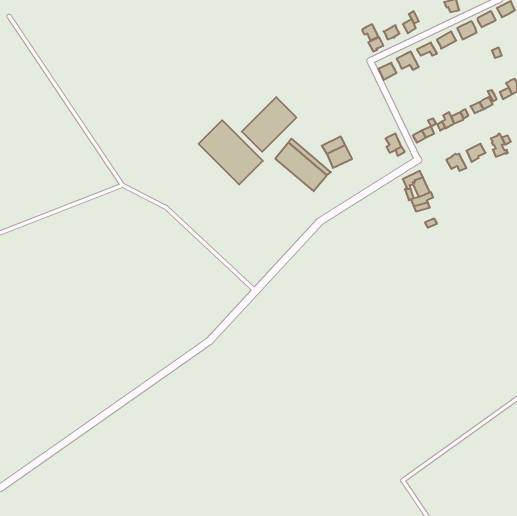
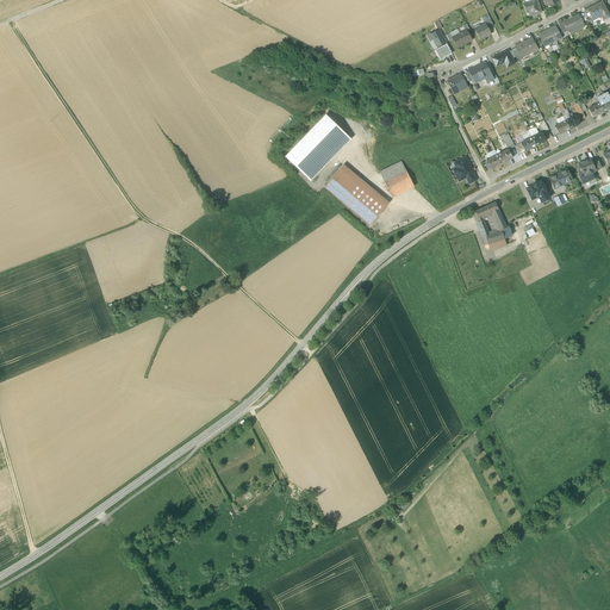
building: [199,120,263,185] -> none

